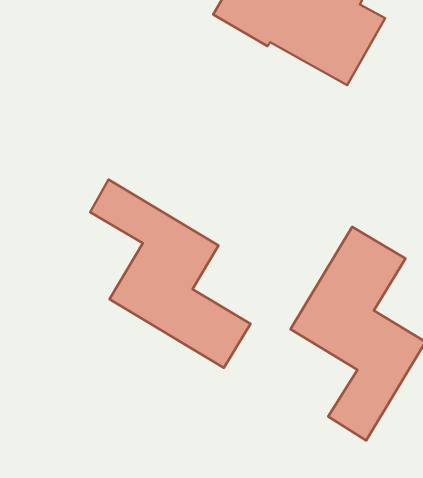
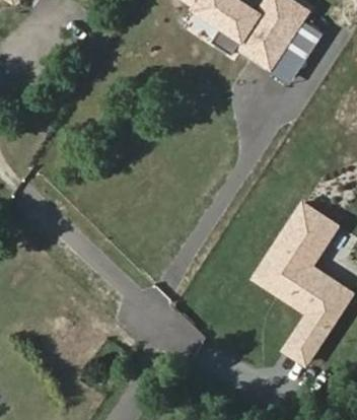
building: [90,179,251,368] -> none

